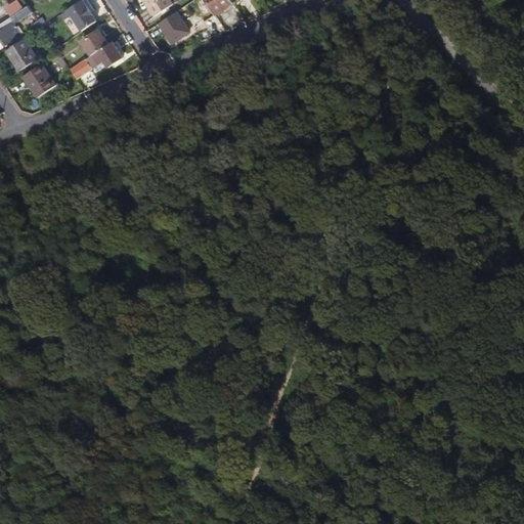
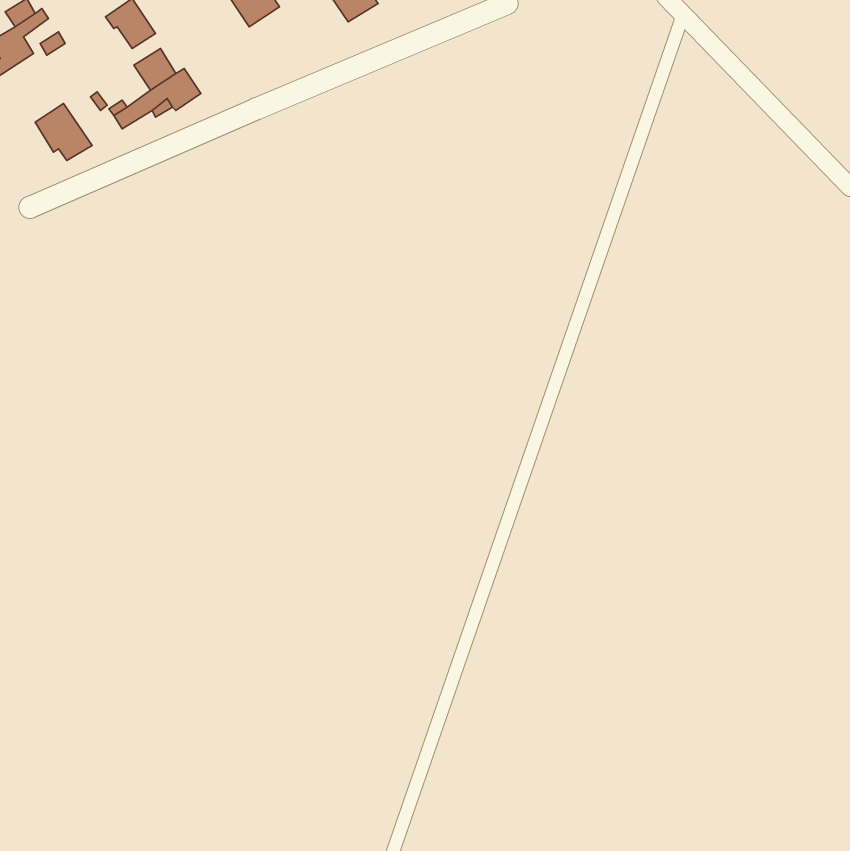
building: [159,10,188,42] -> none
building: [5,37,37,70] -> none

